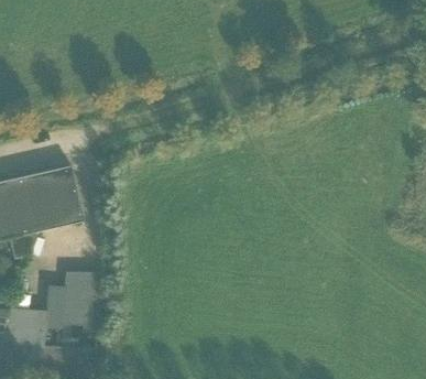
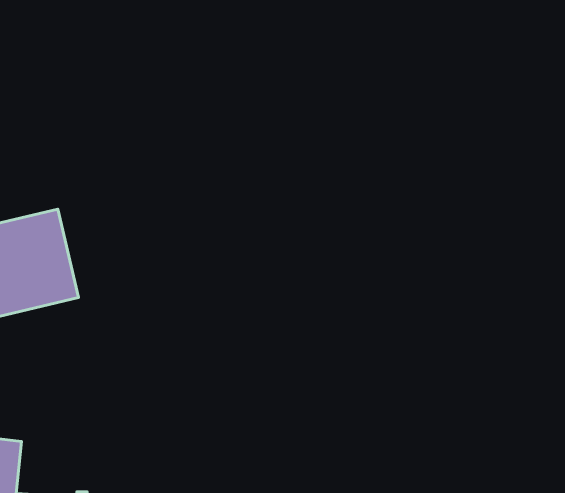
building: [57,271,96,336] -> none

